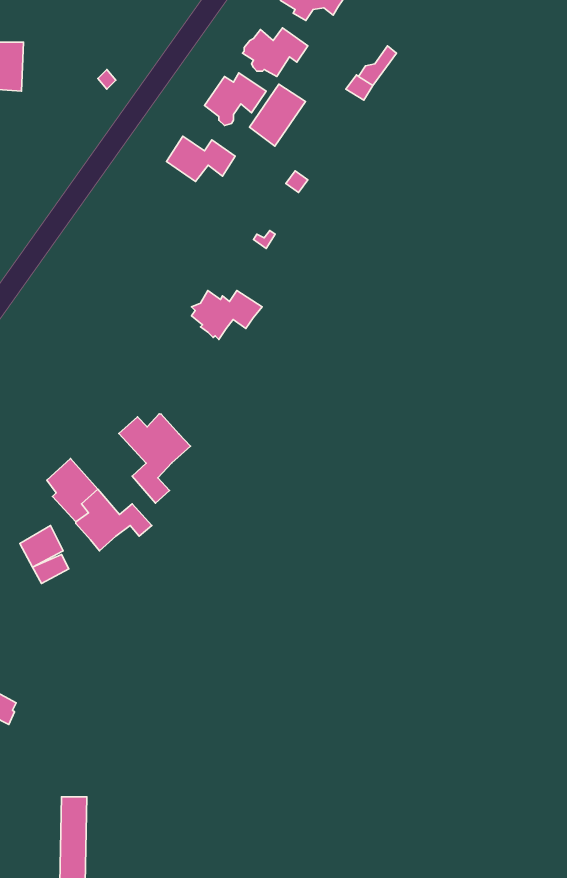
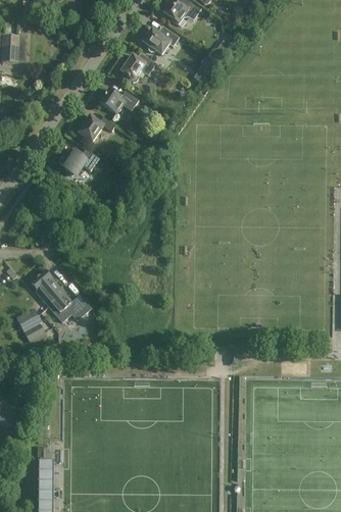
building: [249,84,306,146] -> none
building: none -> [78,115,115,141]
building: [192,291,262,339] -> [59,148,99,175]
building: [119,414,191,503] -> none

